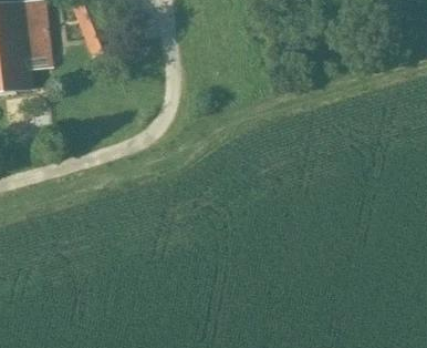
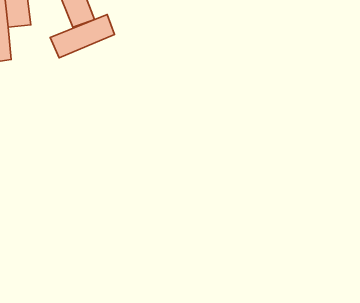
building: none -> [50,14,115,58]

